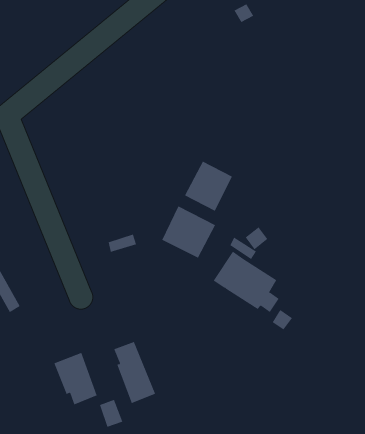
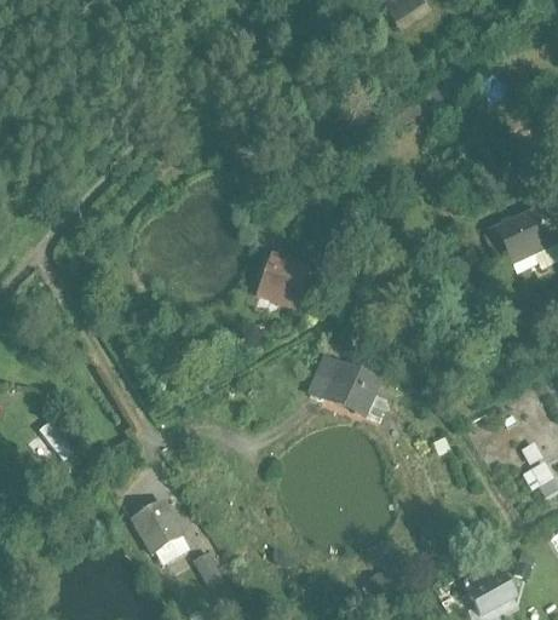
building: [161,205,216,259] -> none
building: [113,341,156,404] -> none

